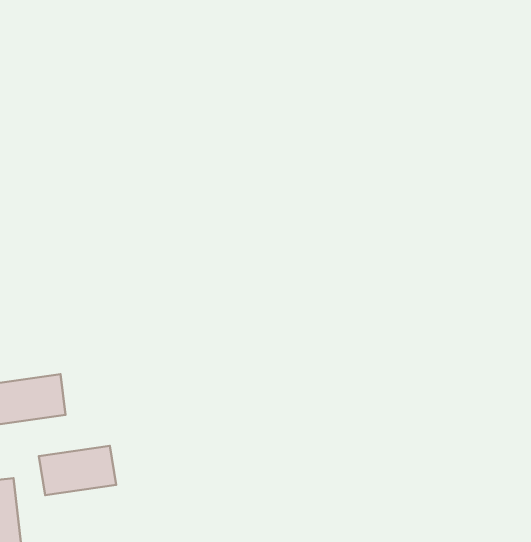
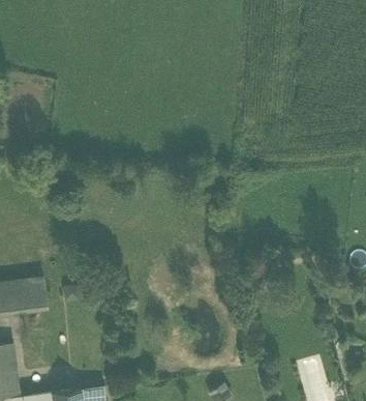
building: [39,446,116,495] -> none

